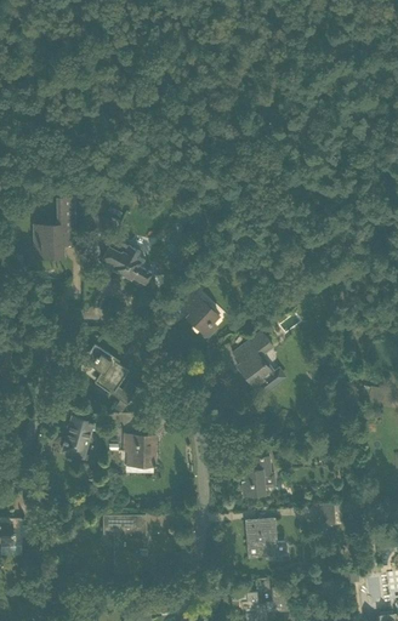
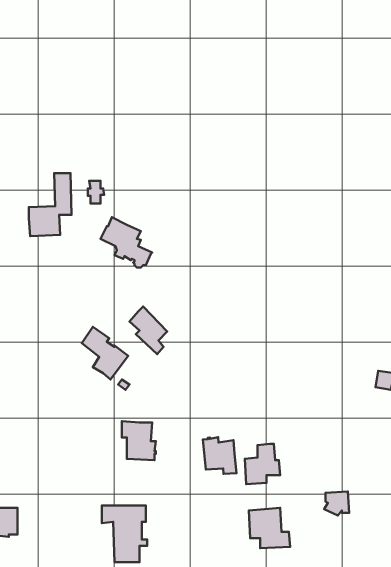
building: [181,291,217,337] -> [129,306,167,354]
building: [232,331,279,391] -> none
building: [62,417,93,458] -> none
building: none -> [203,437,237,474]

